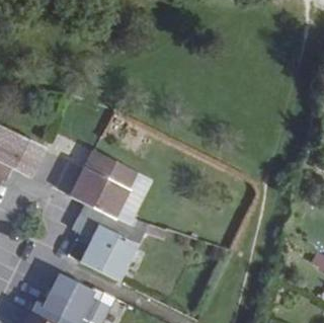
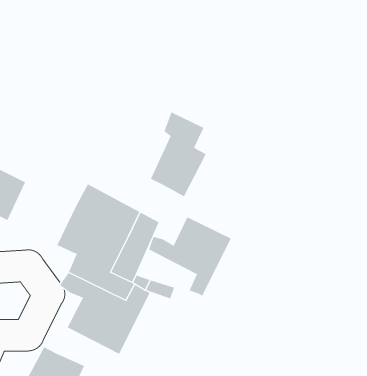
building: none -> [150,112,206,197]
building: none -> [148,217,232,296]

